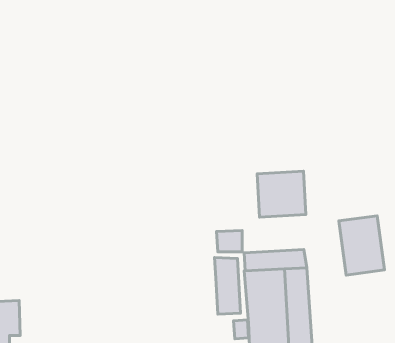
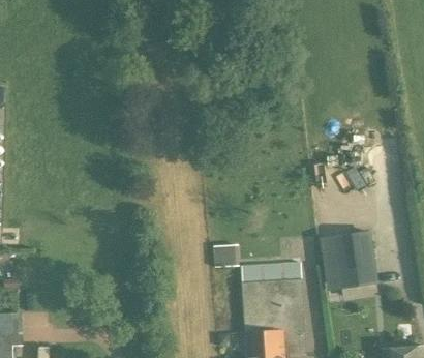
building: [257,171,306,217] -> none
building: [215,258,241,314] -> none

